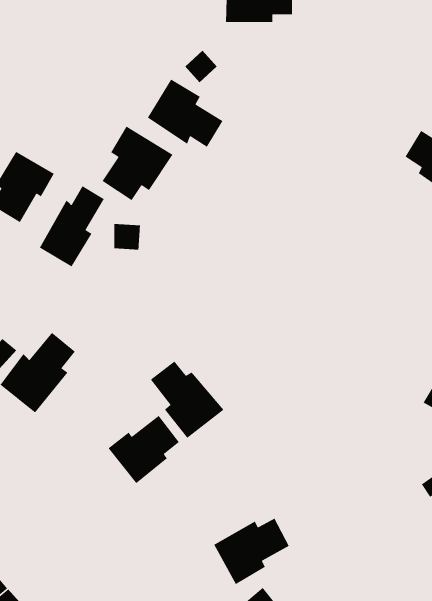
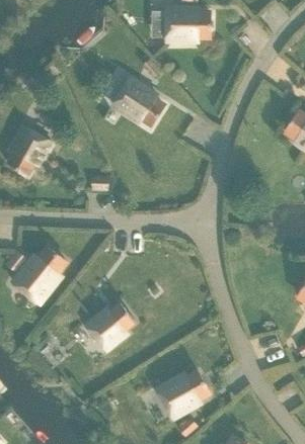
building: [101,125,173,201] -> none
building: [39,185,105,268] -> none
building: [150,360,225,439] -> none

